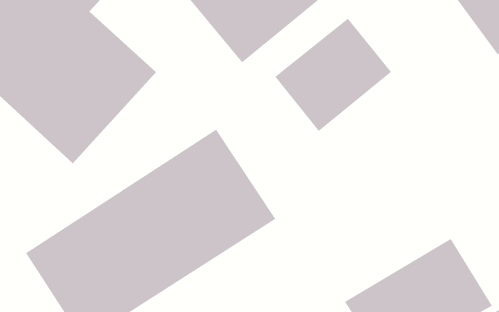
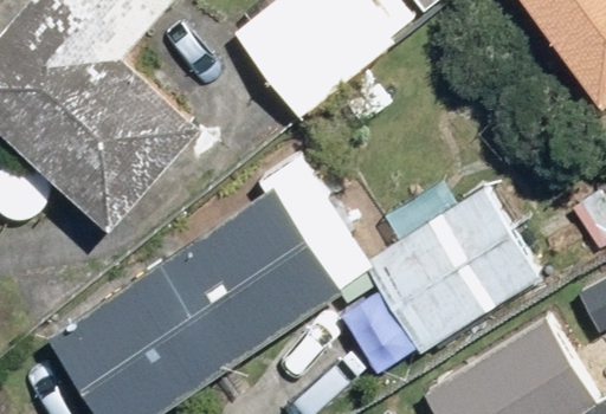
building: [275,18,392,132] -> none
building: none -> [367,187,540,350]

